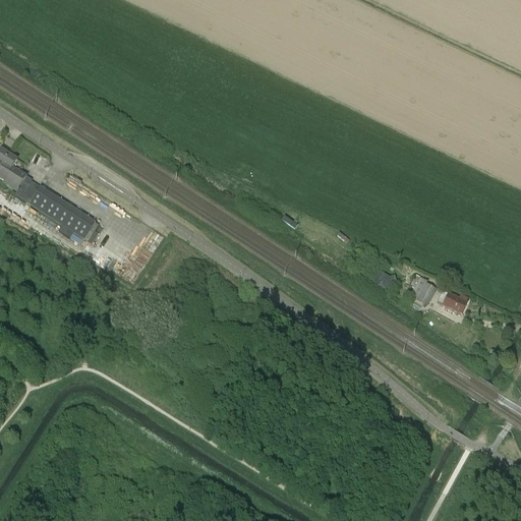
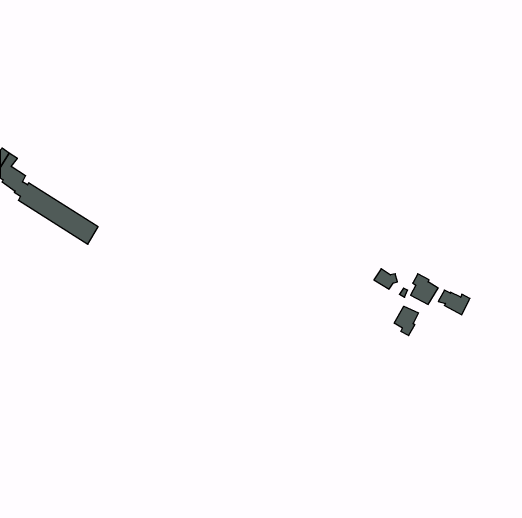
building: none -> [394,306,418,336]

